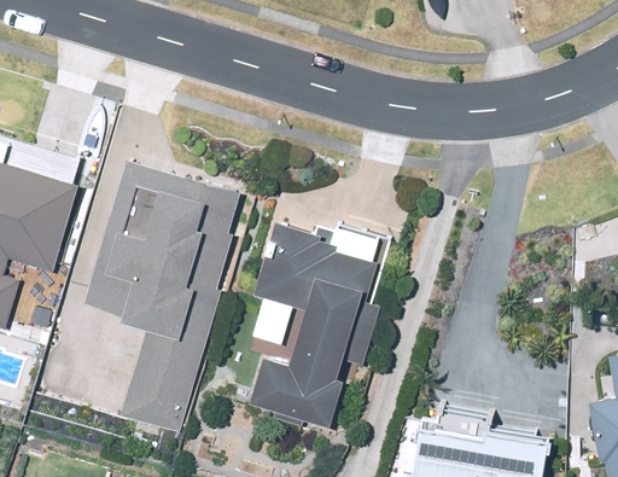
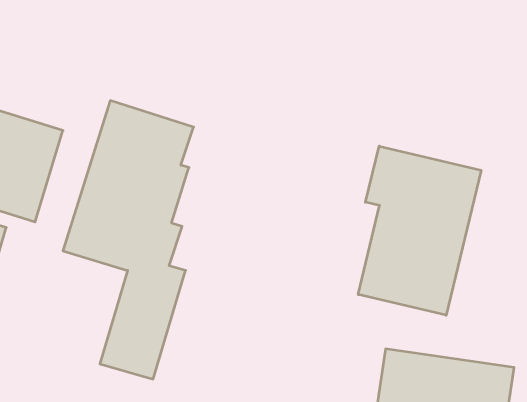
building: none -> [358,146,481,315]
building: [249,232,369,436] -> none

